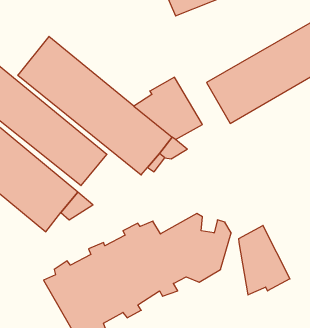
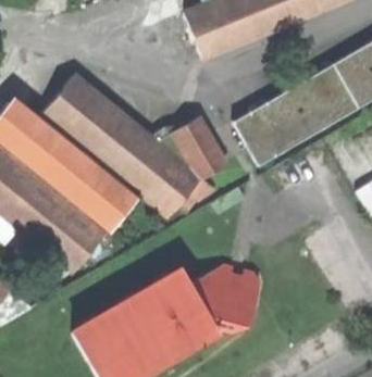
building: [239,225,290,295] -> none

